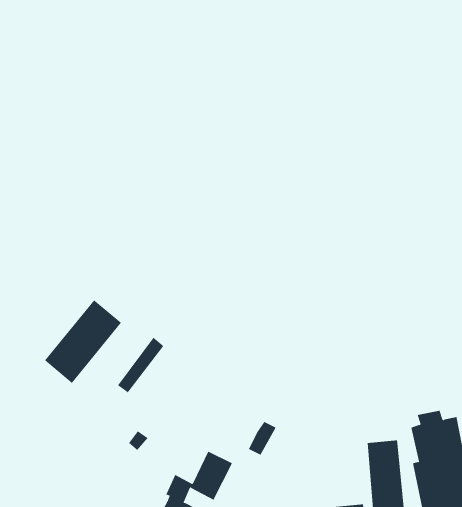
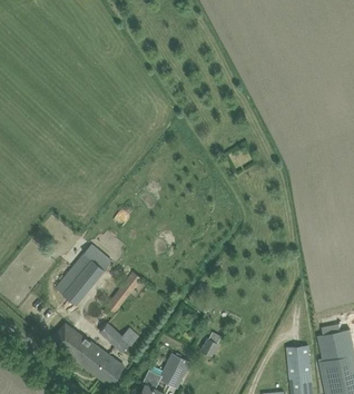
building: none -> [50,322,125,386]

